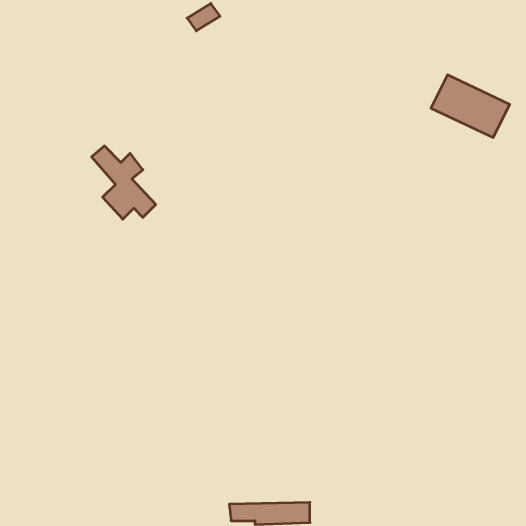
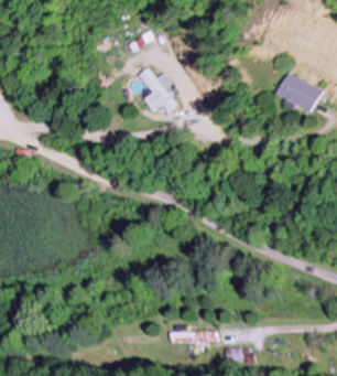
building: [92,146,156,219] -> [138,68,176,112]

